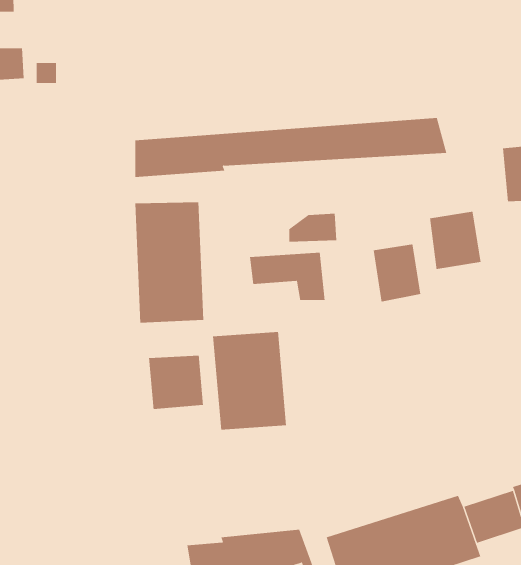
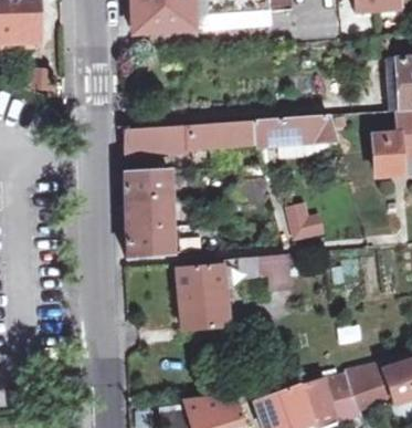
building: [429,211,481,270] -> none
building: [249,252,325,301] -> [237,255,289,289]
building: [149,355,204,410] -> none

